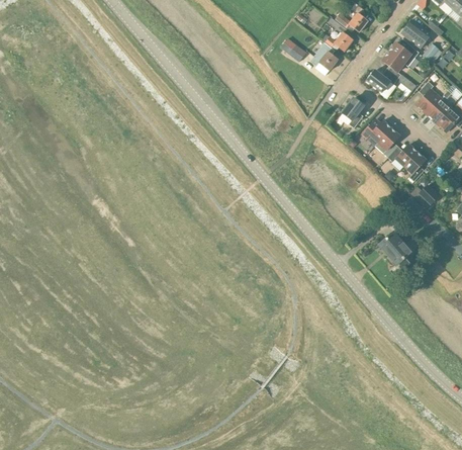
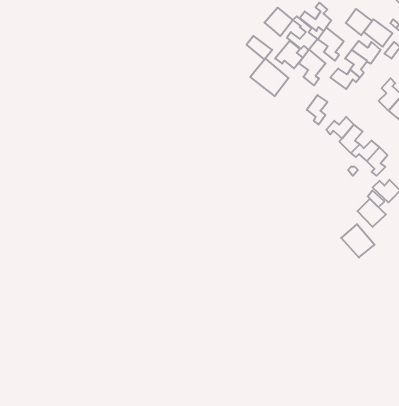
building: none -> [264,8,293,36]
building: none -> [346,9,372,35]
building: none -> [318,27,344,61]
building: none -> [299,50,326,85]
building: none -> [250,58,289,96]
building: none -> [357,199,386,227]

